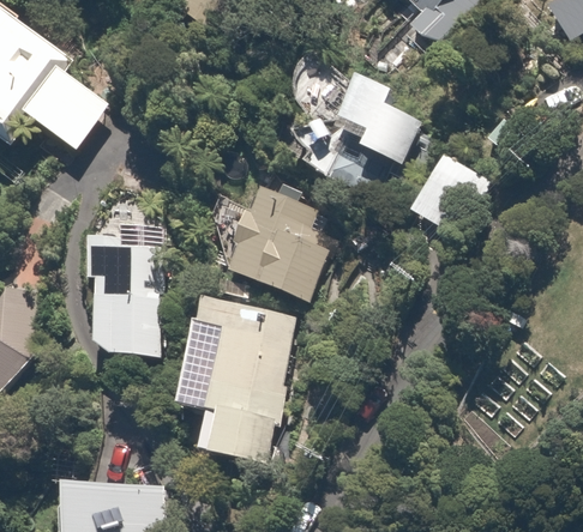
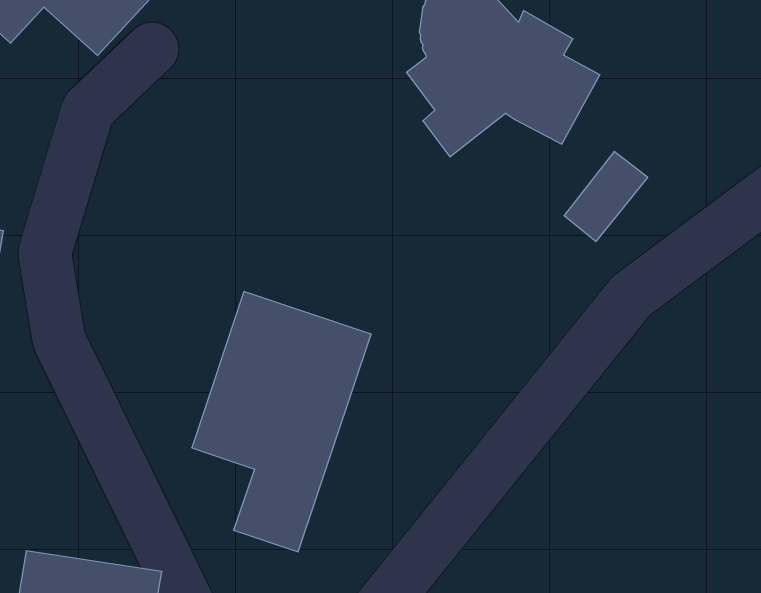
building: [229,186,339,297] -> none
building: [83,222,162,356] -> none

